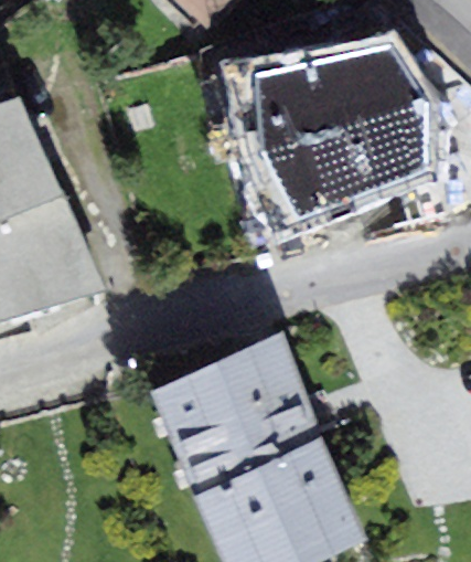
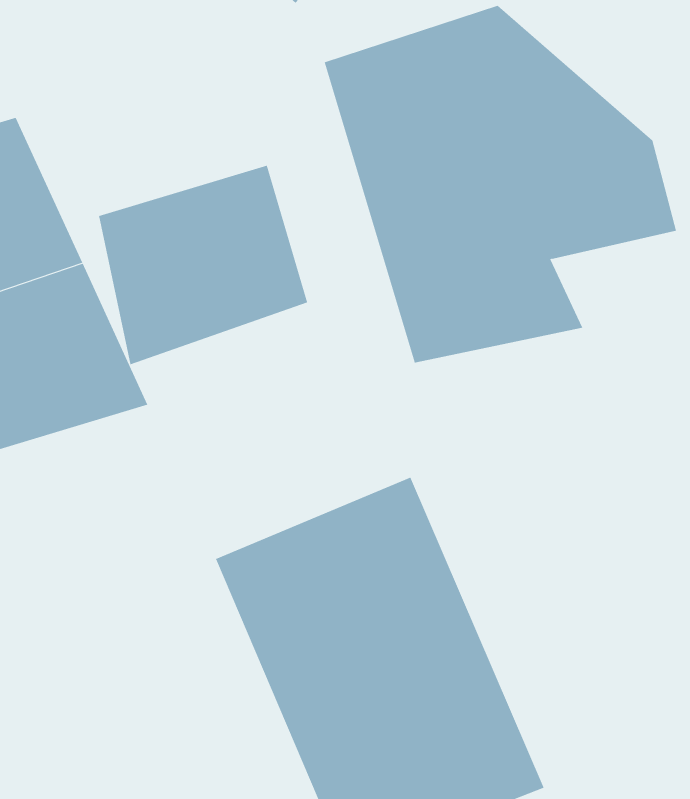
building: none -> [99,165,308,365]

